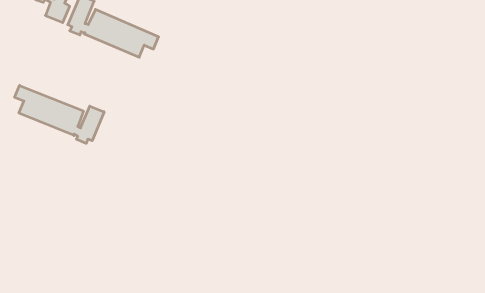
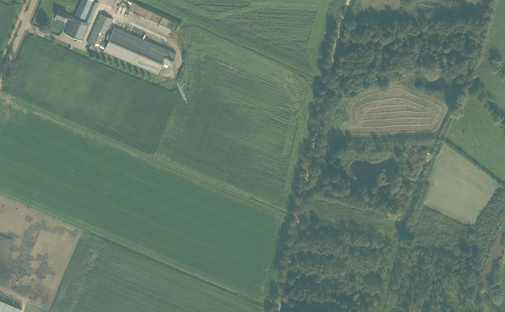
building: [15,85,104,143] -> none

